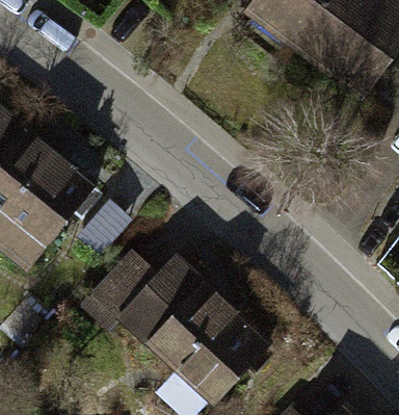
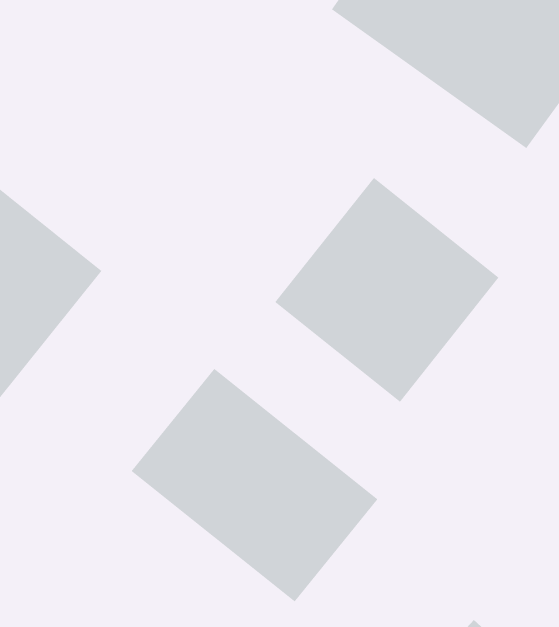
building: none -> [274,177,500,403]

